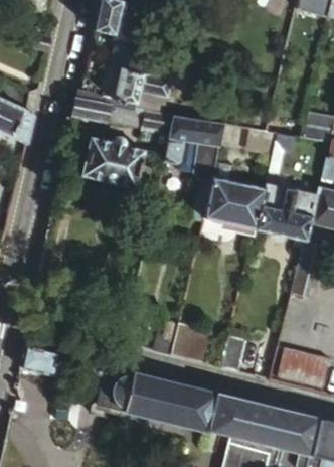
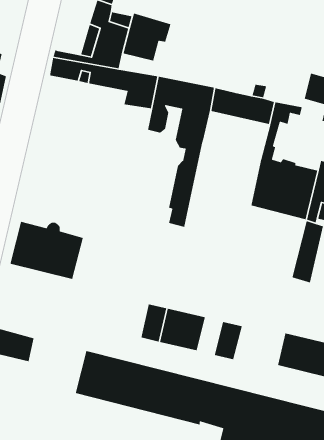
building: [79,135,147,188] -> [9,221,84,280]
building: [202,176,264,237] -> none

